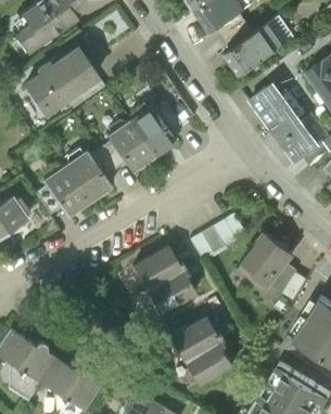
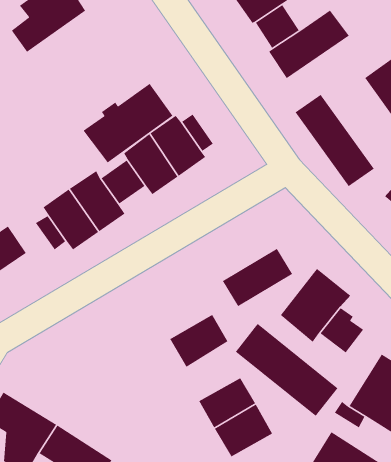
building: [24,46,99,112] -> [82,83,173,163]
building: [132,244,181,287] -> none
building: none -> [235,323,339,417]

